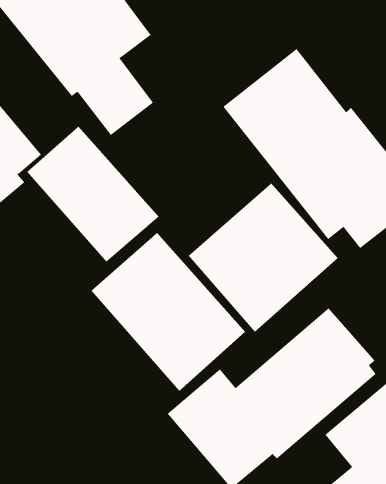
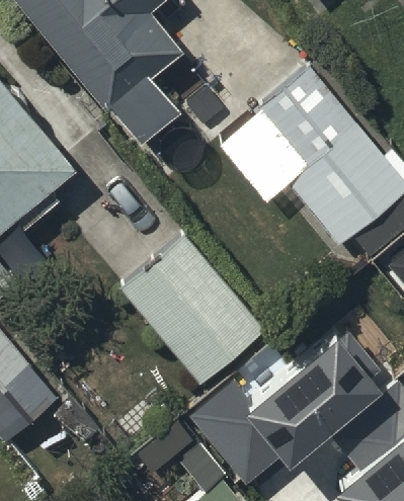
building: [27,126,159,263] -> none
building: [188,182,338,332] -> none

